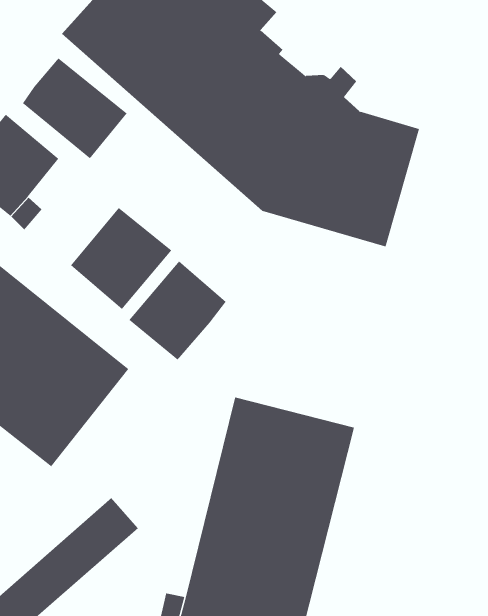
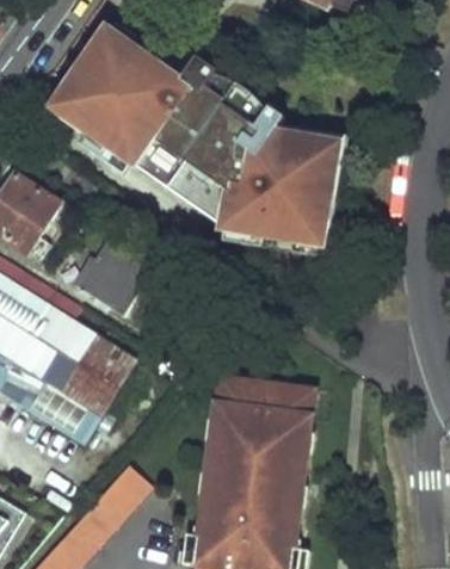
building: [22,57,128,159] -> none
building: [129,261,227,361] -> none

